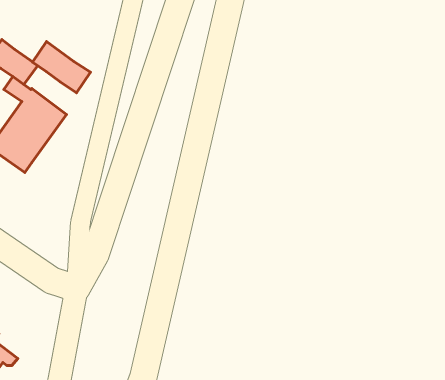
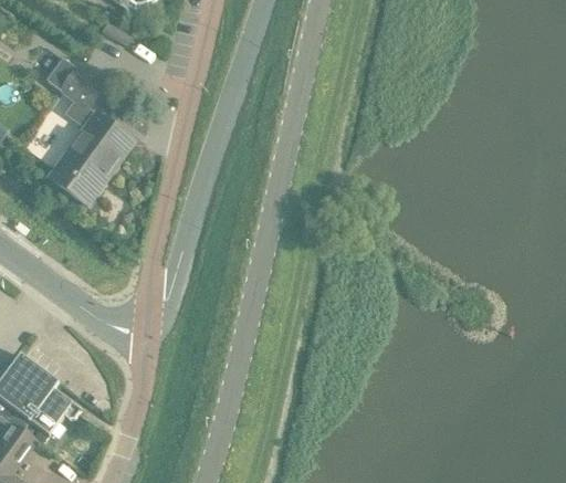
building: [33,42,90,93] -> none

